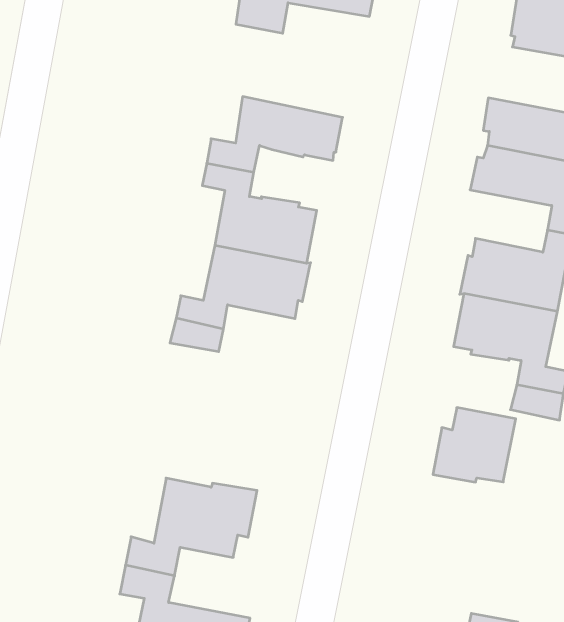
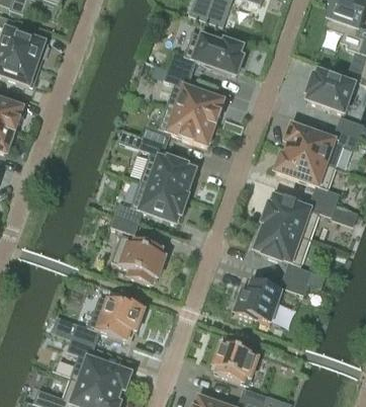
building: none -> [163,67,223,123]
building: none -> [111,233,165,282]
building: none -> [213,336,258,383]

